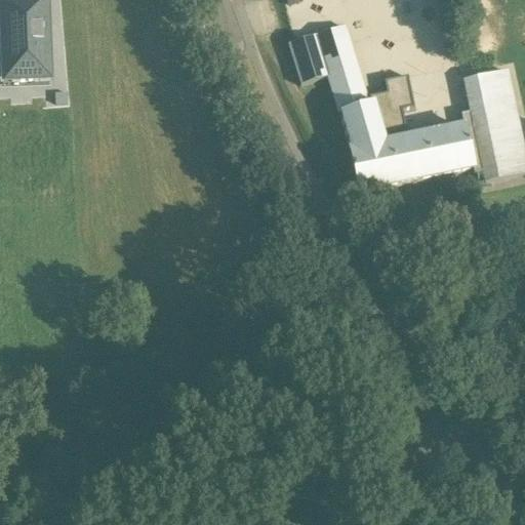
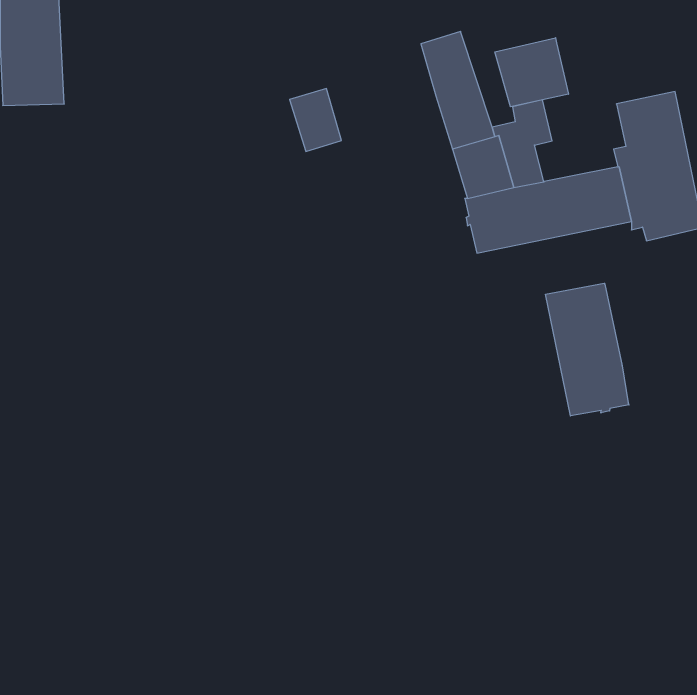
building: none -> [495,38,568,107]
building: [289,33,328,80] -> [290,89,341,151]
building: none -> [546,283,629,416]

